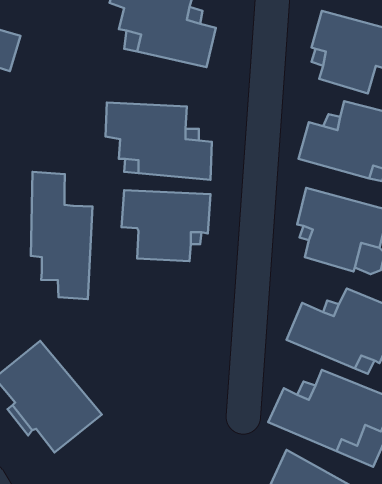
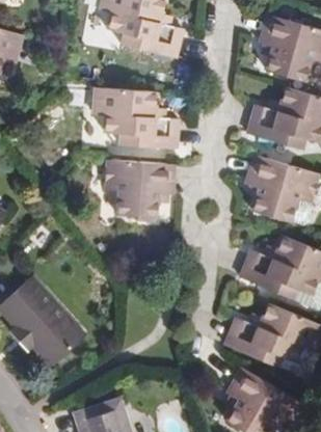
building: [31,172,92,299] -> none

